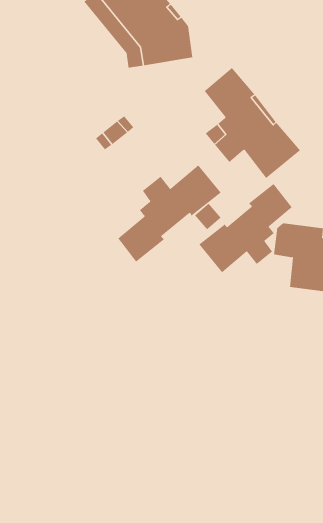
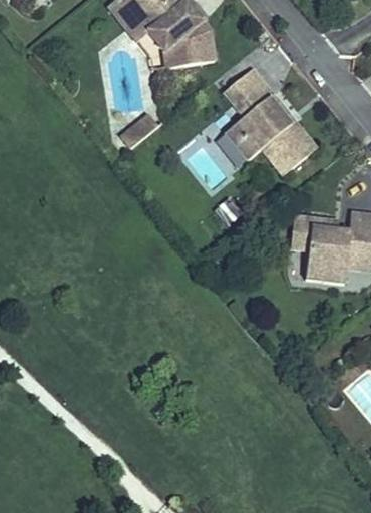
building: [117,164,222,262] -> none
building: [198,183,293,273] -> none

